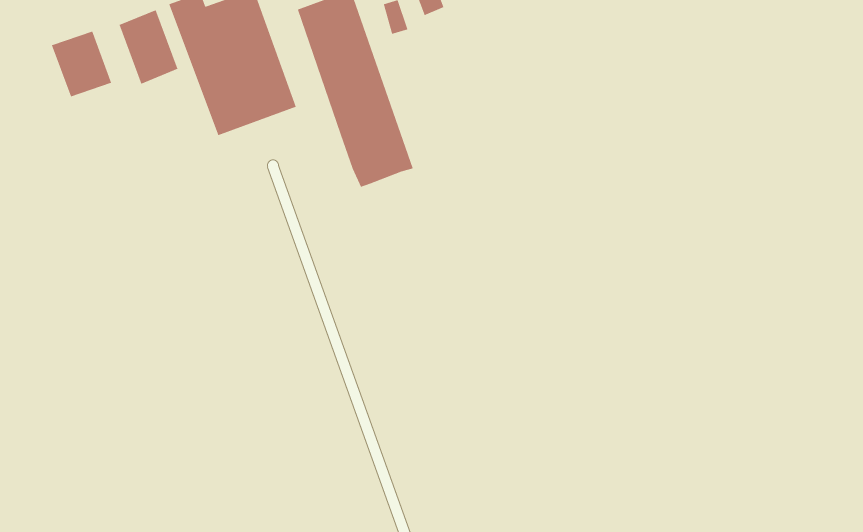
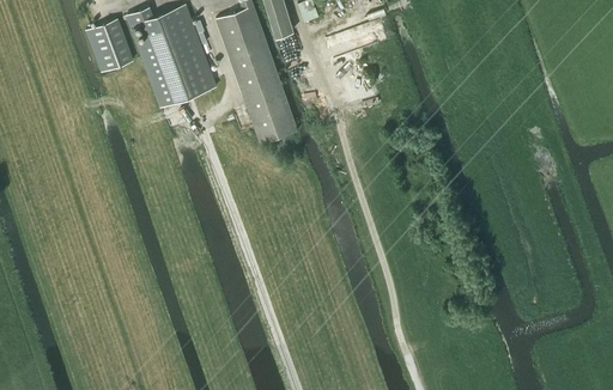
building: [51,31,112,97] -> none

